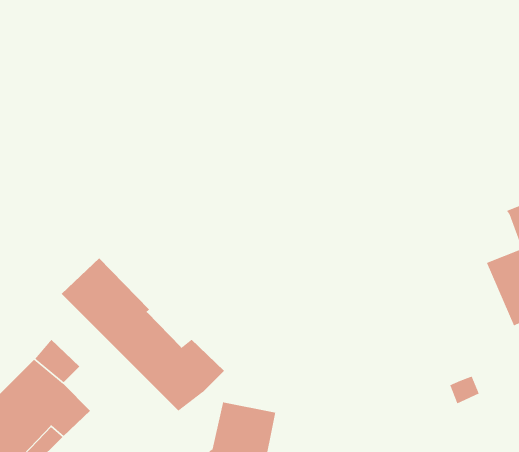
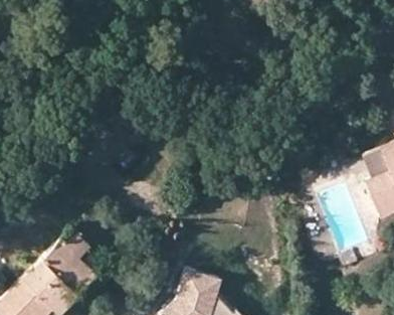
building: [61,258,225,411] -> none

